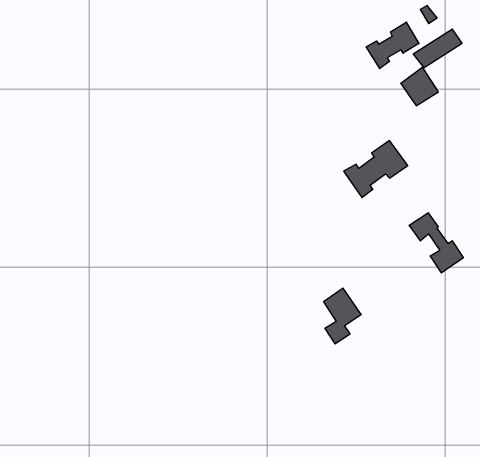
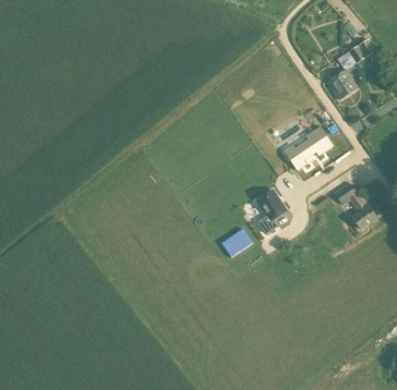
building: [366,22,419,69] -> none
building: [324,288,361,344] -> [255,188,285,232]

